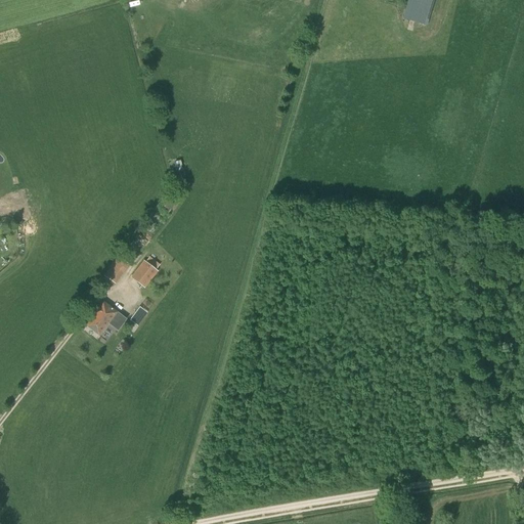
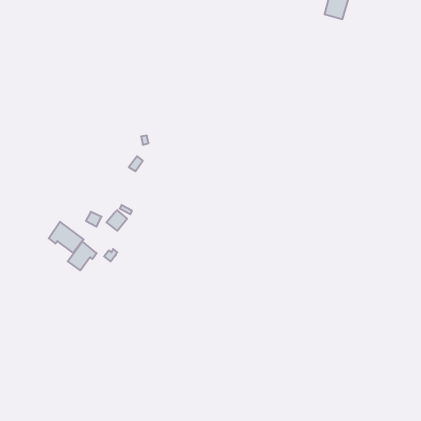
building: none -> [49,222,84,253]

